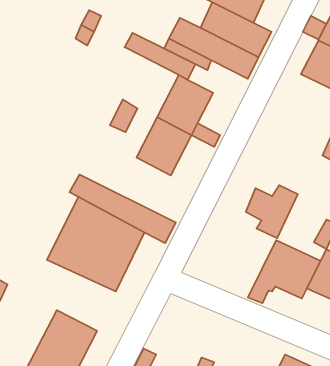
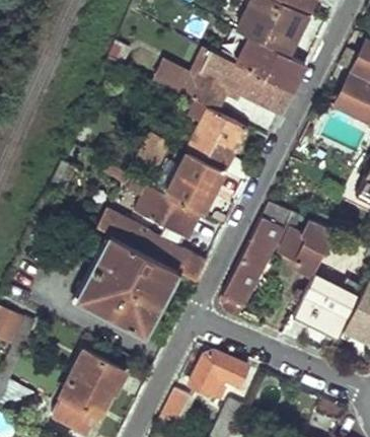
building: none -> [127,176,203,240]
building: none -> [221,202,292,309]
building: none -> [192,351,248,394]

